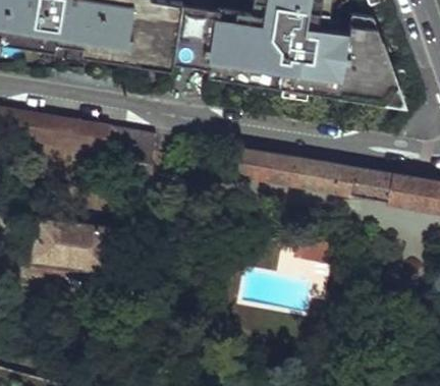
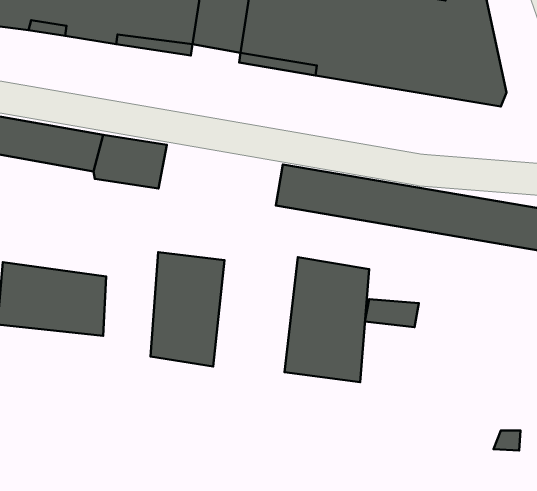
building: none -> [150,252,225,367]
building: none -> [285,257,369,382]

